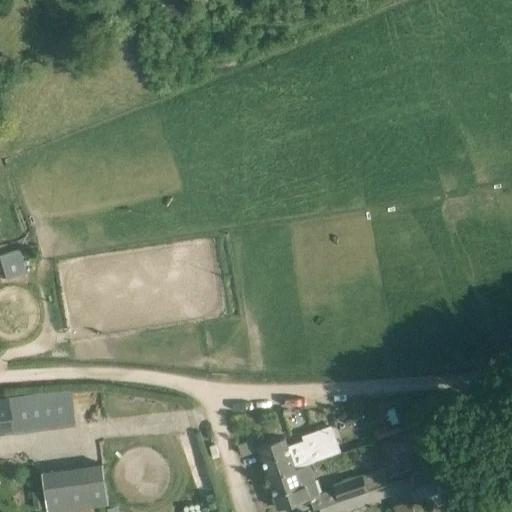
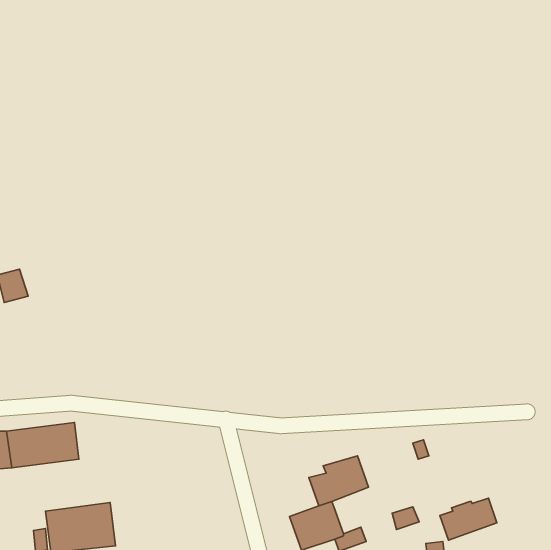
building: [258,439,295,480] -> none
building: [333,476,368,503] -> none

